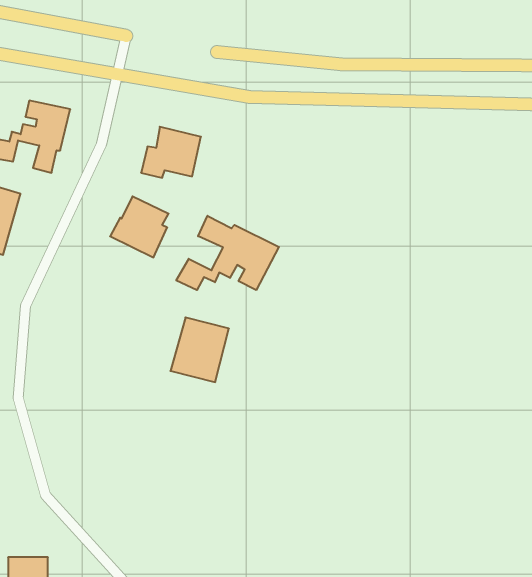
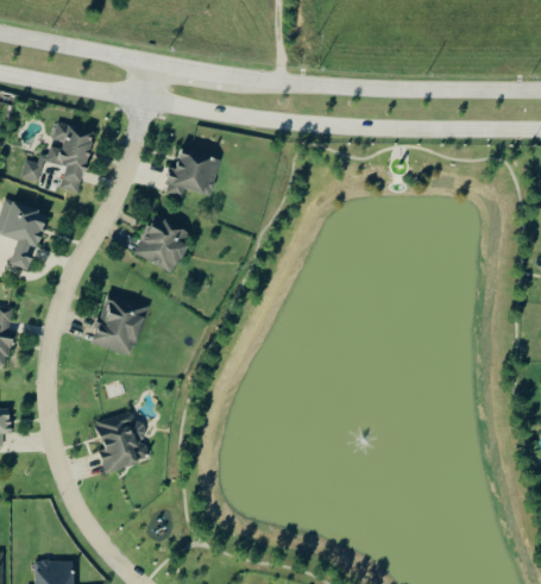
building: [176,216,279,290] -> none
building: [170,317,229,382] -> [92,294,147,356]
building: none -> [95,410,149,472]

